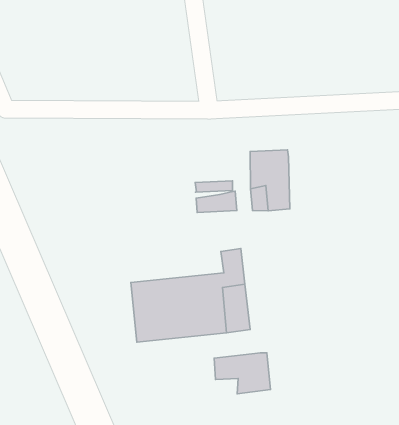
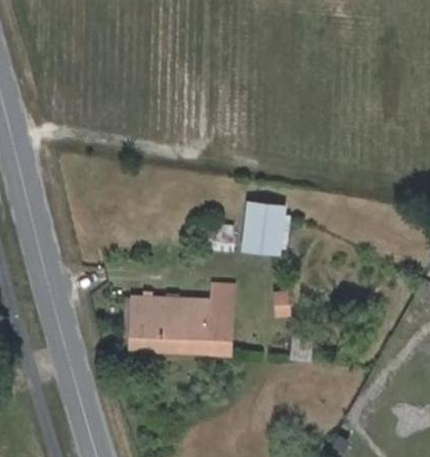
building: [214,353,270,394] -> none

